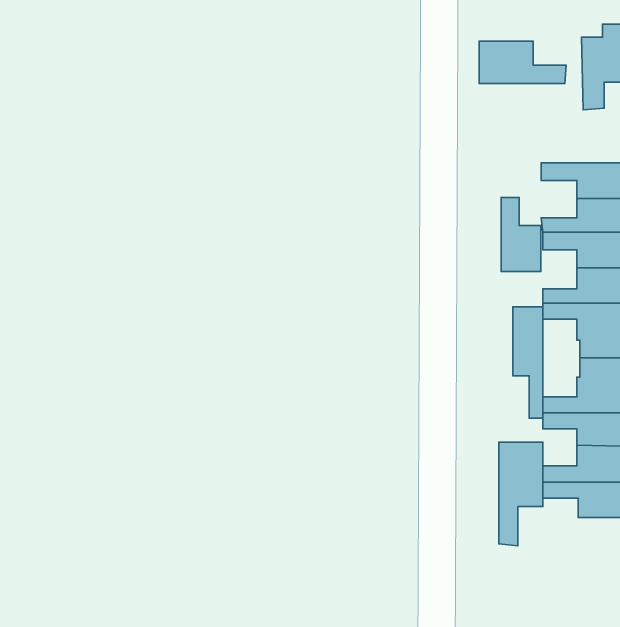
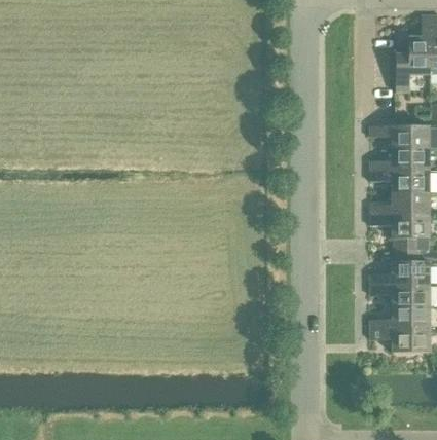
building: [479,41,566,83] -> none
building: [501,198,541,272] -> none
building: [513,307,543,418] -> none
building: [499,442,543,546] -> none

